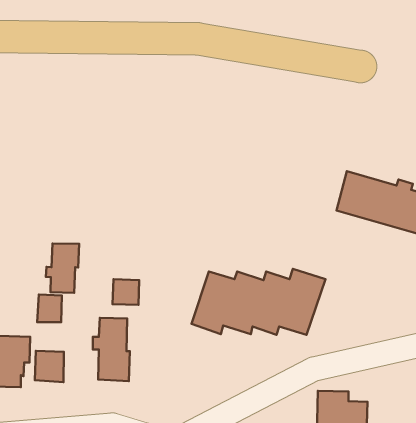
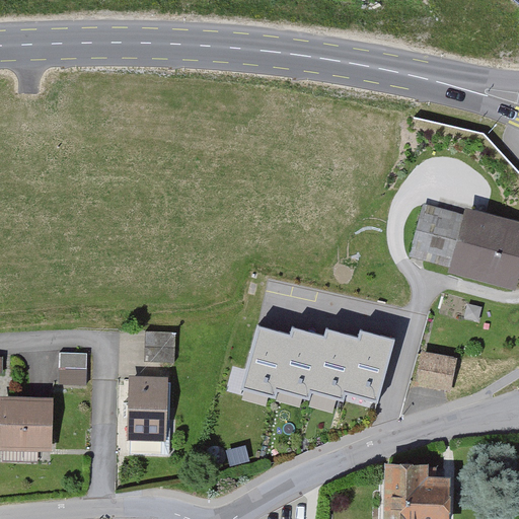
building: [46,244,79,293] -> none
building: none -> [419,354,454,389]
building: [35,351,64,382] -> none

